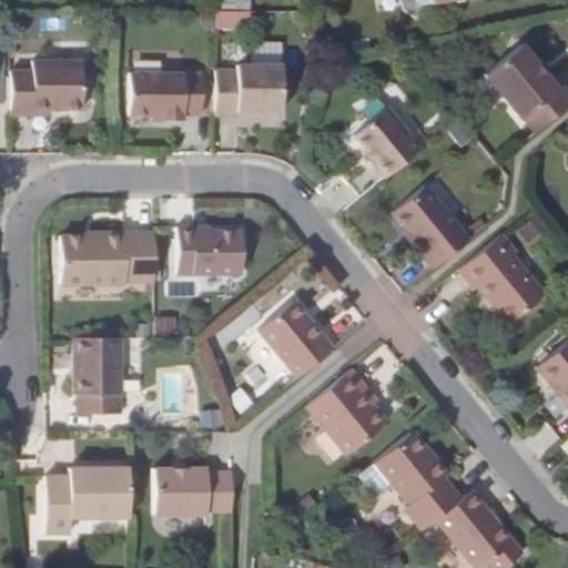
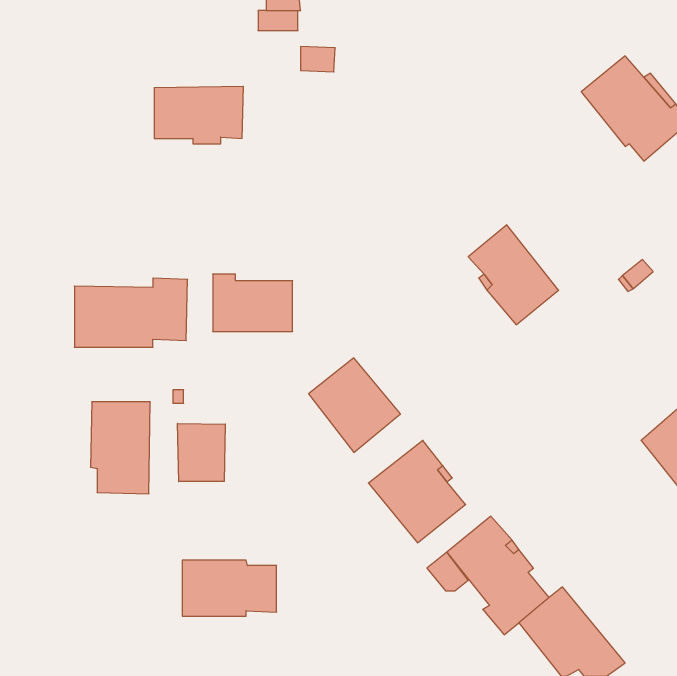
building: [11,58,83,113] -> none
building: [219,64,280,114] -> none
building: [353,109,428,182] -> none
building: [460,234,548,326] -> none
building: none -> [178,423,225,482]
building: [48,463,131,529] -> none

